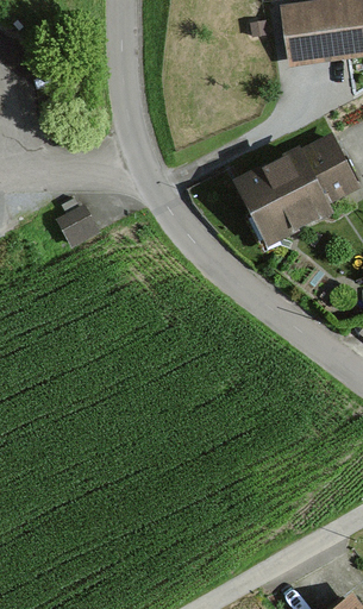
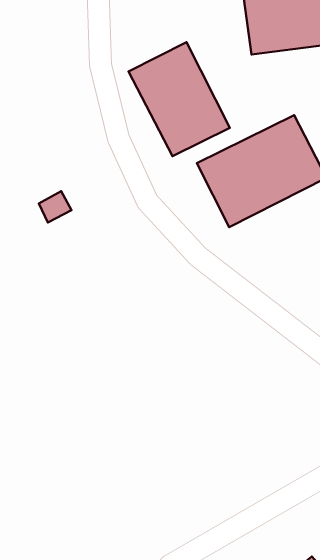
building: none -> [129,42,230,156]

